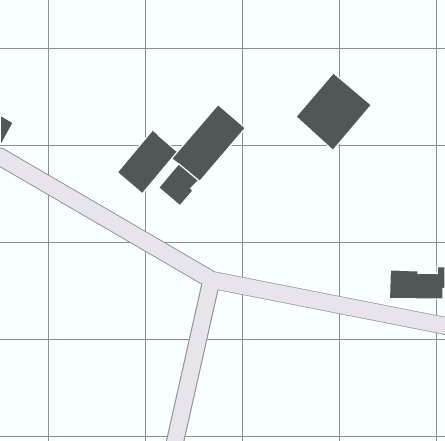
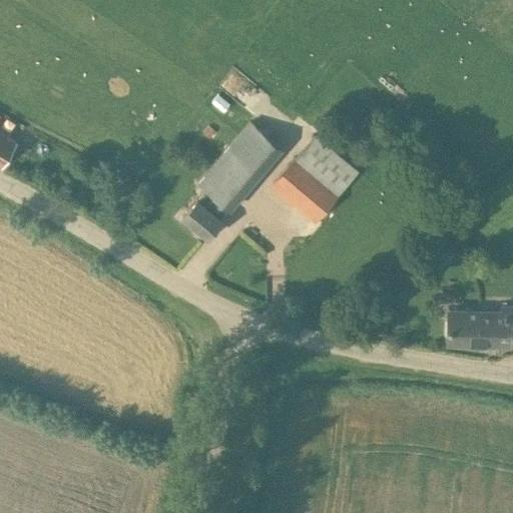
building: [296,73,371,150] -> [272,137,359,226]
building: [117,130,177,194] -> none

